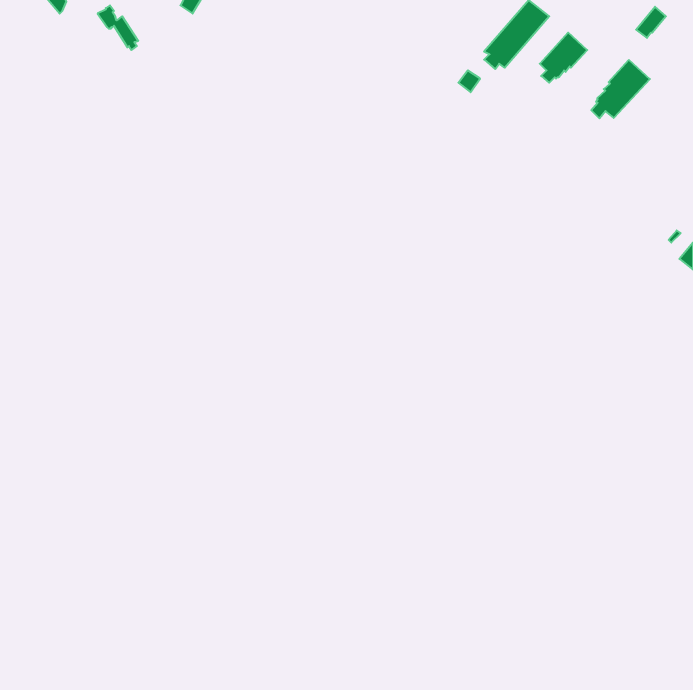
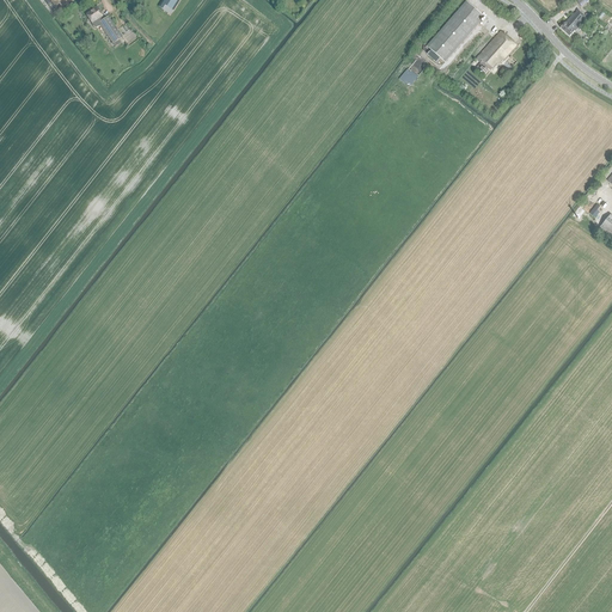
building: [591,60,650,118] -> none

